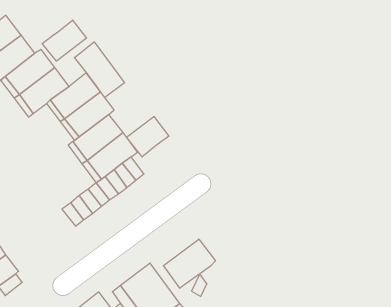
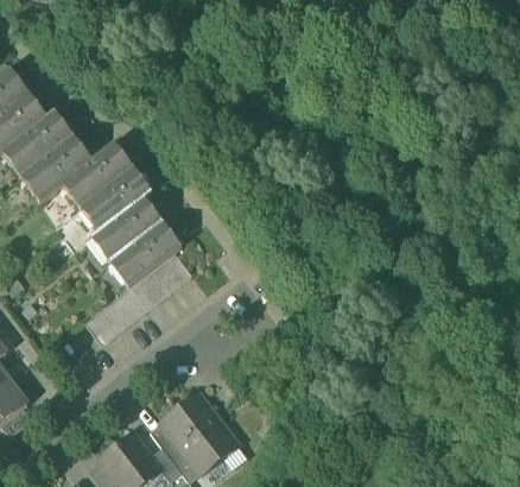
building: [42,20,86,61] -> none
building: [74,42,124,98] -> none
building: [127,117,169,157] -> none
building: [163,239,215,288] -> none

